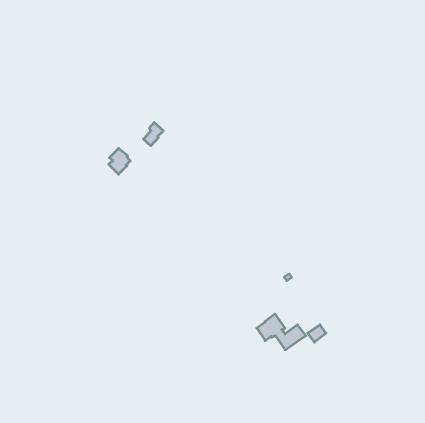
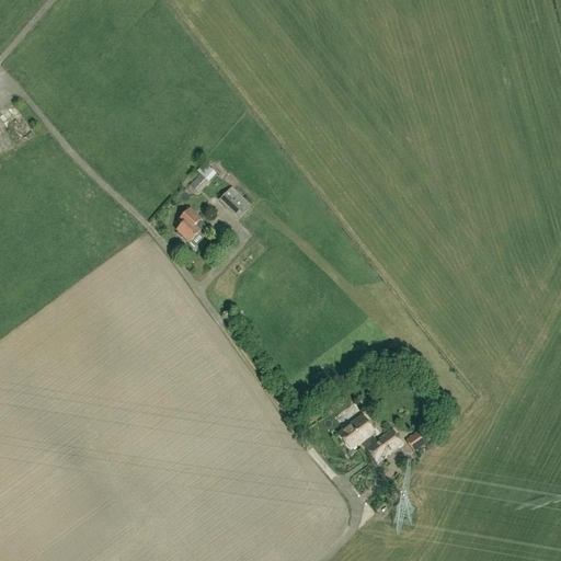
building: none -> [219,186,251,217]
building: [109,148,130,174] -> [175,207,204,241]

